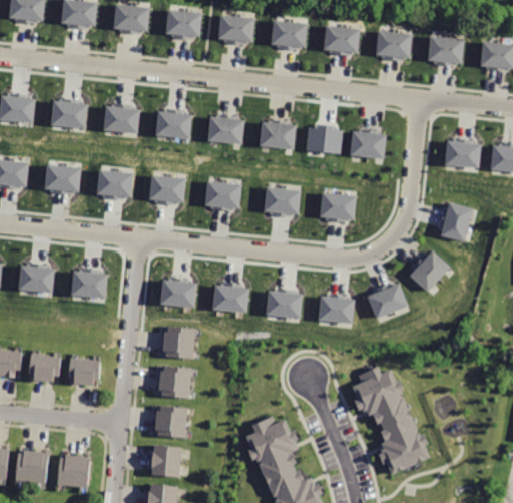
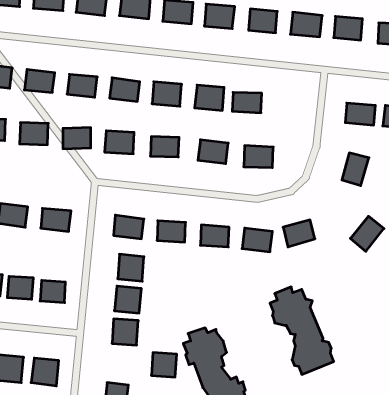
building: [351,129,387,160] -> none
building: [409,250,450,294] -> [350,216,384,251]
building: [151,446,182,476] -> [151,353,177,377]

